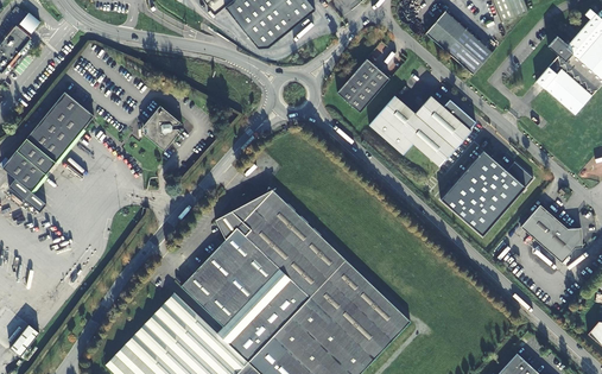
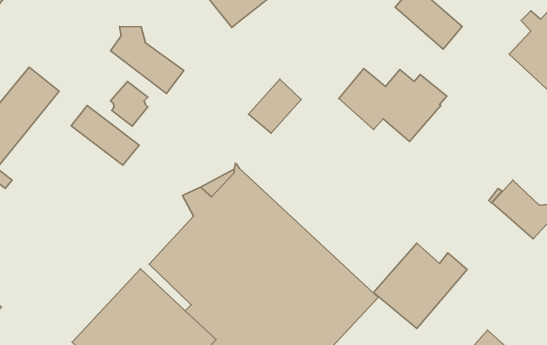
building: none -> [110,27,184,94]
building: [336,58,388,112] -> [249,79,301,133]
building: none -> [71,105,139,165]
building: [441,152,533,236] -> [373,243,467,328]

